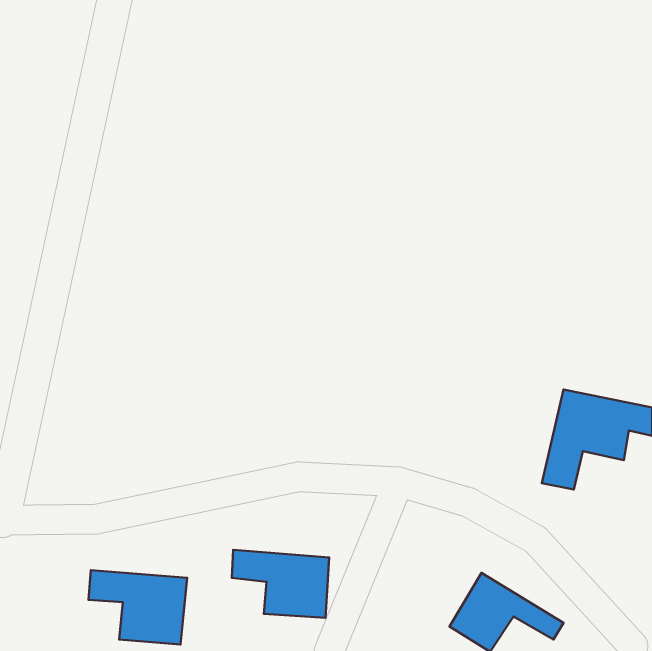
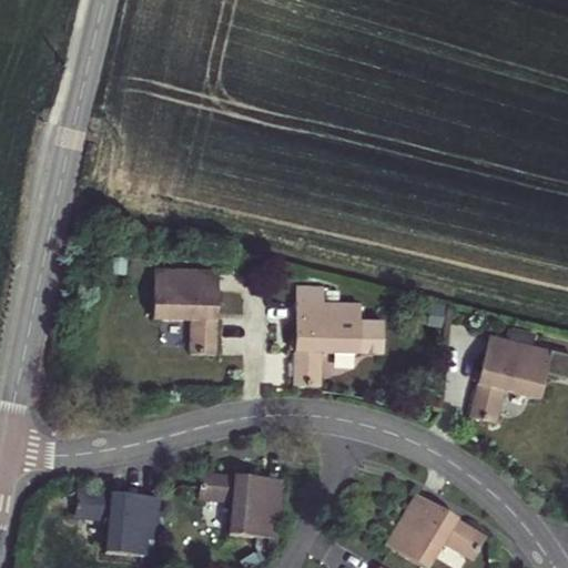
building: none -> [153,264,220,353]
building: none -> [295,281,383,379]

